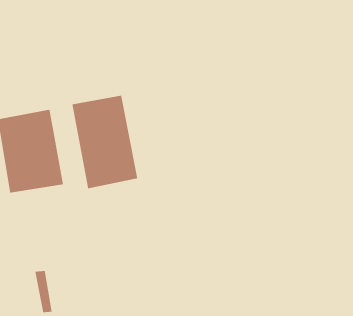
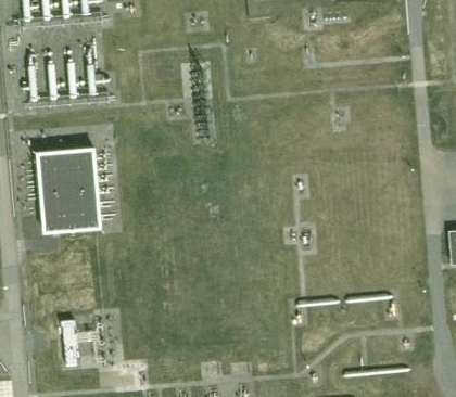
building: [72,95,138,189] -> none

